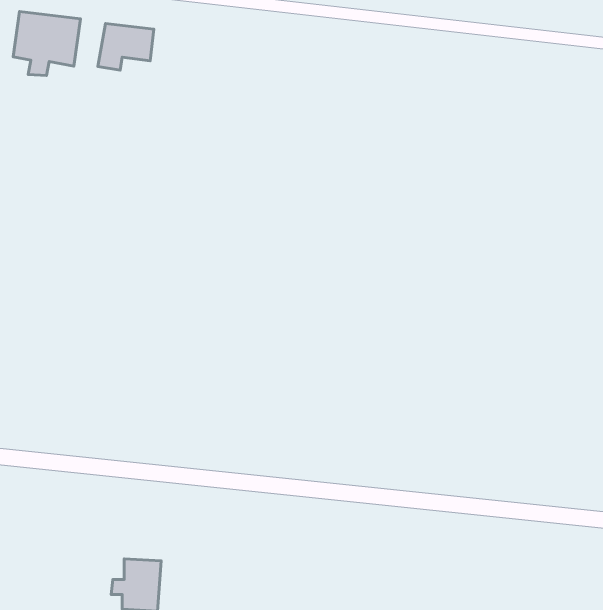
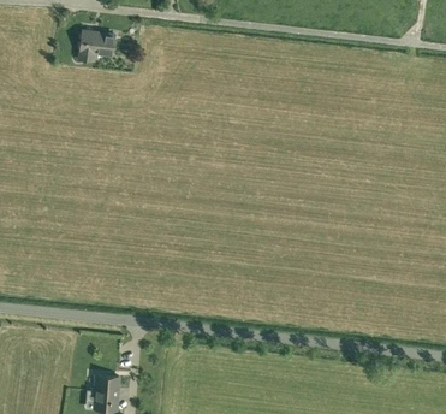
building: [13,12,80,76] -> none

